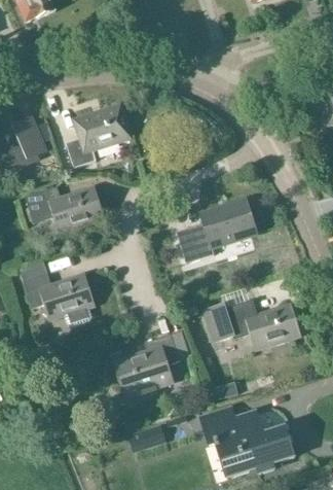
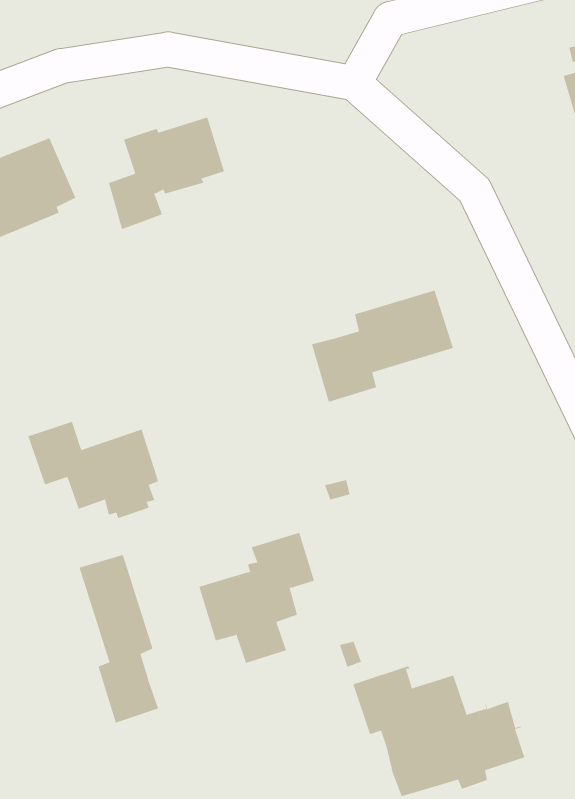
building: [24,184,102,229] -> none
building: [202,299,298,346] -> none
building: none -> [79,554,159,724]

